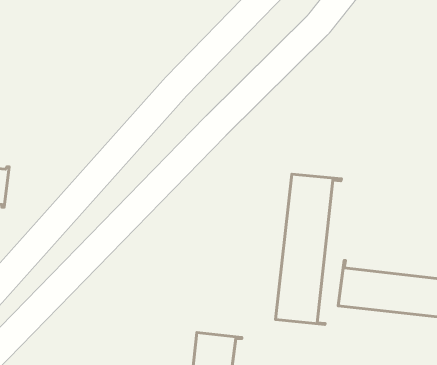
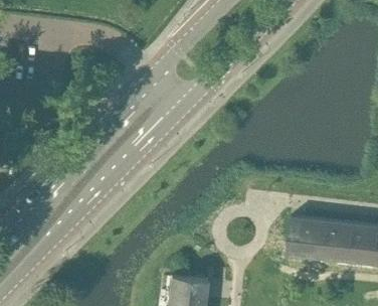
building: [275,174,341,324] -> none

